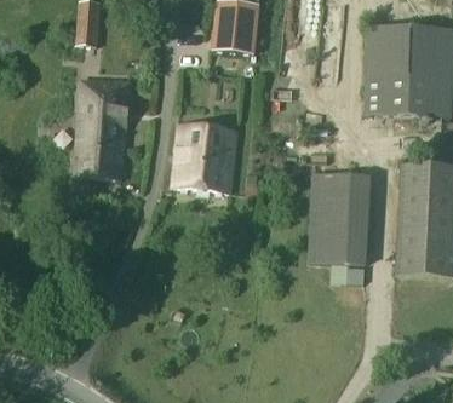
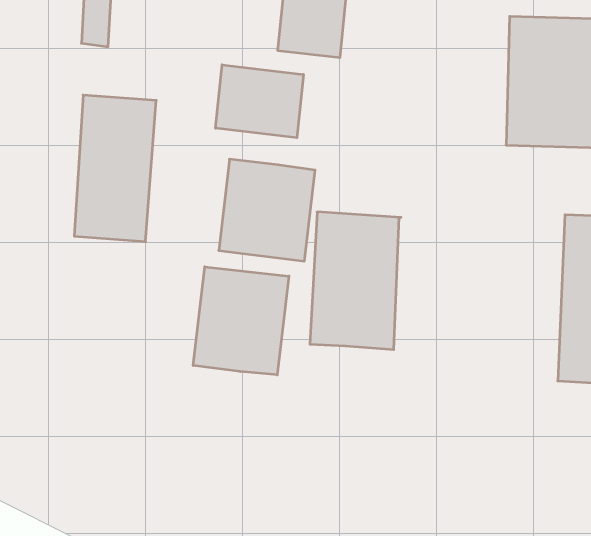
building: none -> [216,65,303,138]
building: [308,172,369,265] -> [310,212,401,350]
building: none -> [193,267,289,375]

